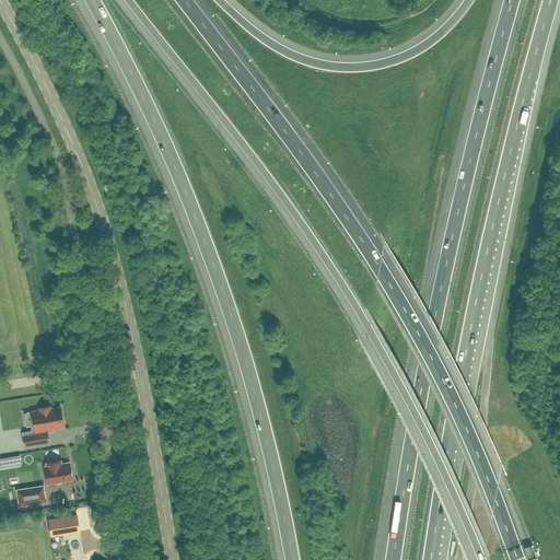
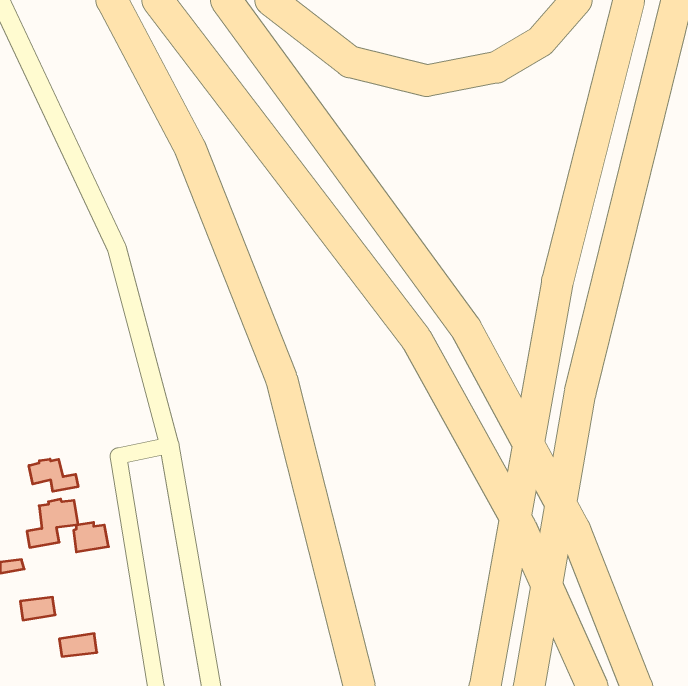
building: none -> [29,459,78,491]
building: [44,460,72,485] -> [74,522,109,552]

